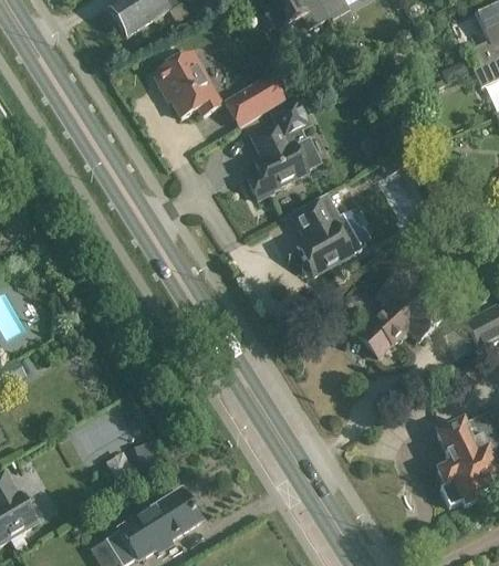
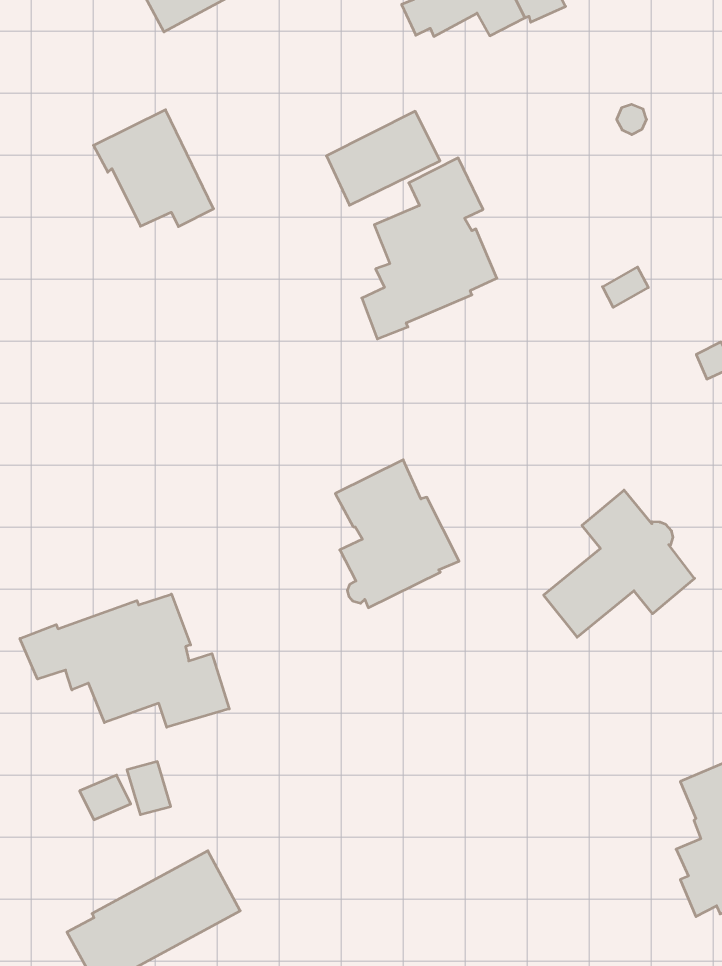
building: [154,51,222,116] -> [93,110,214,227]
building: [292,192,363,275] -> [335,460,459,608]
building: none -> [20,594,229,727]

